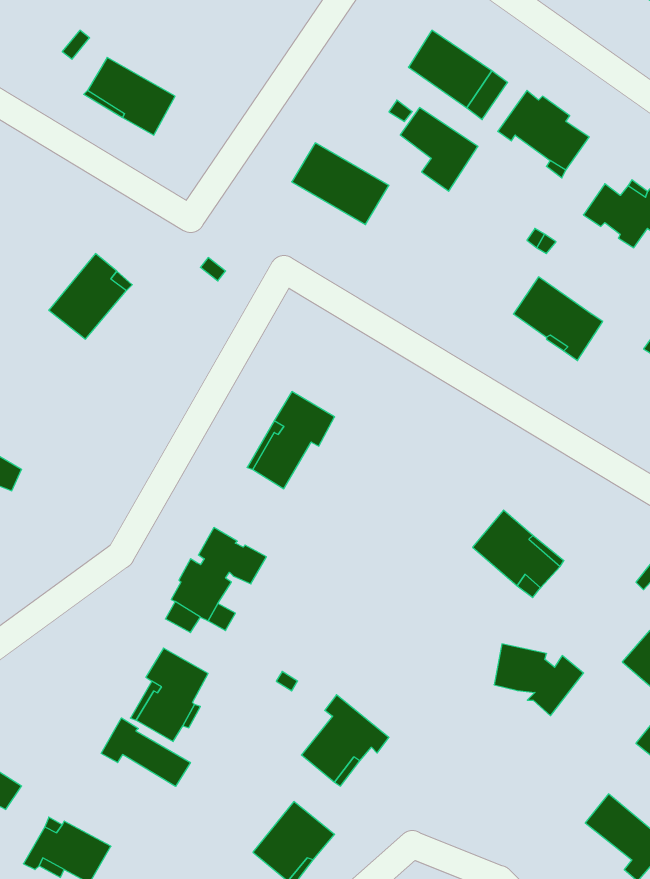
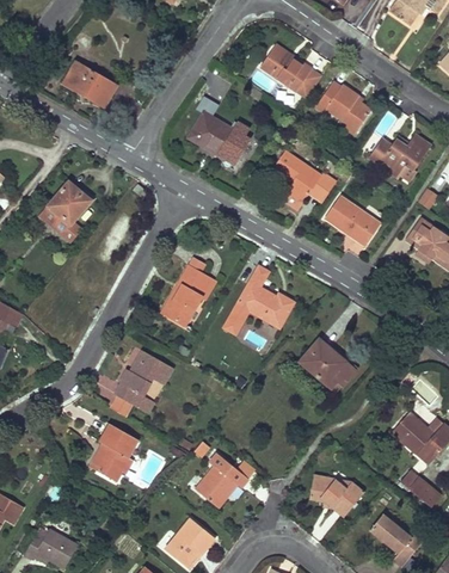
building: [400,108,478,191] -> [273,152,321,203]
building: none -> [222,261,296,333]
building: [494,644,584,716] -> [309,474,364,518]
building: [101,718,190,786] -> none

